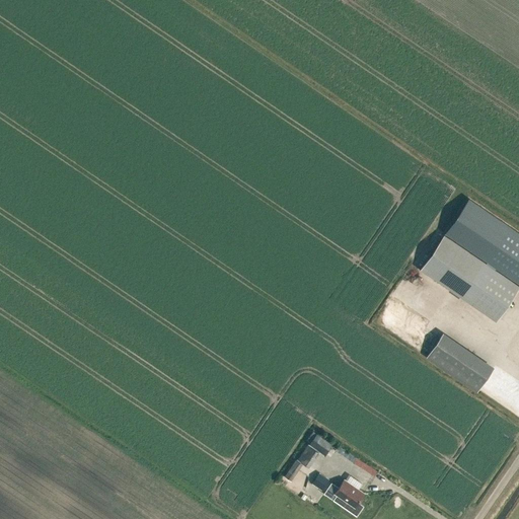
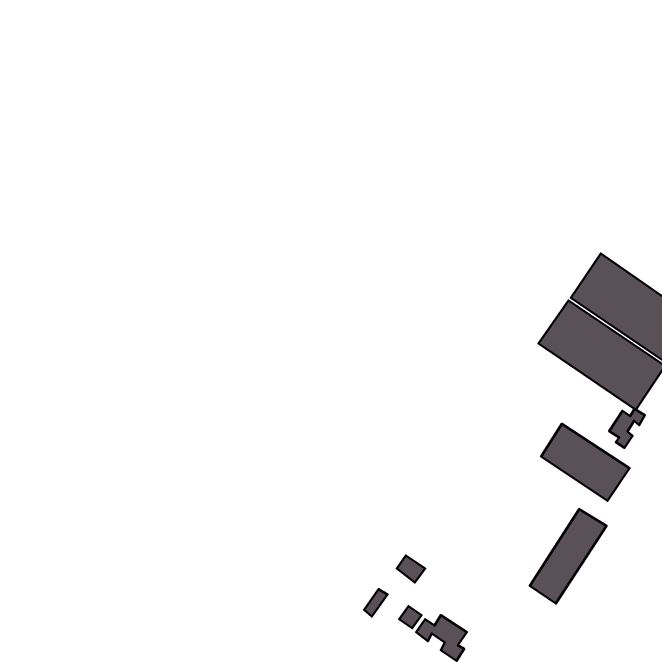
building: none -> [609,409,645,448]
building: none -> [530,509,607,603]

